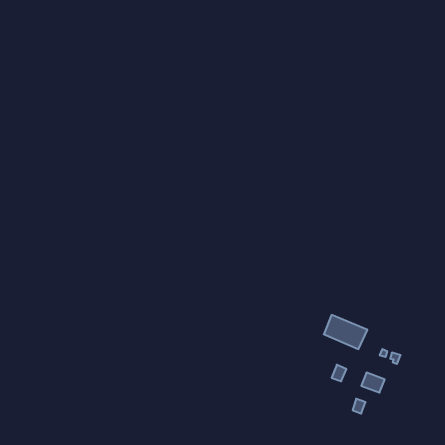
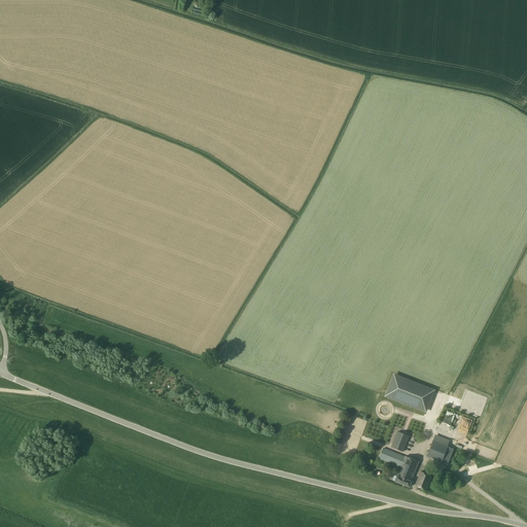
building: none -> [380,448,419,487]

